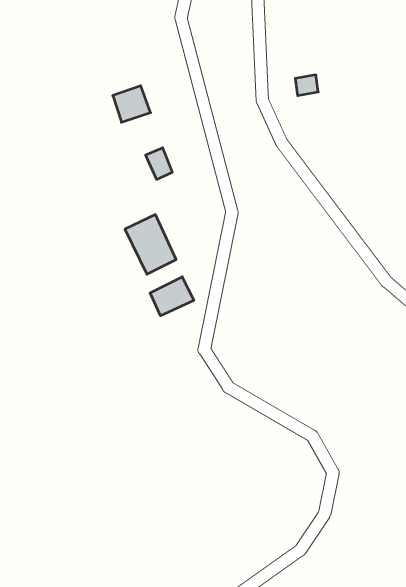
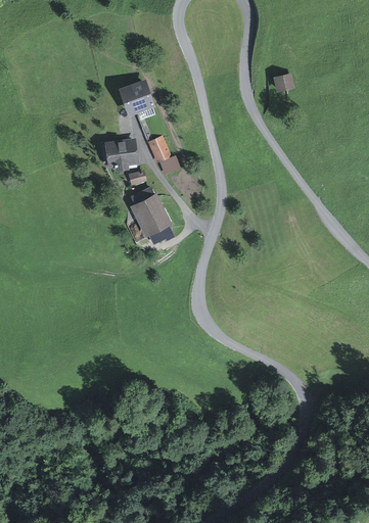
building: none -> [105,141,135,169]
building: [150,277,194,316] -> none

